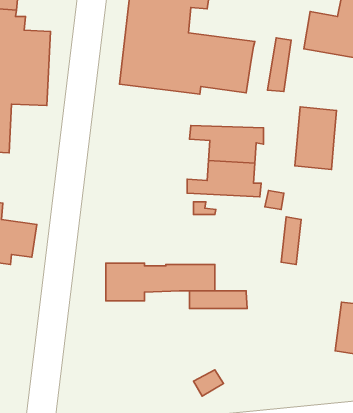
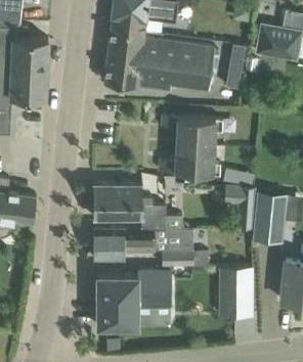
building: [295,107,336,170] -> [253,192,287,243]
building: none -> [93,183,182,229]
building: none -> [220,267,252,315]
building: none -> [97,270,172,327]

